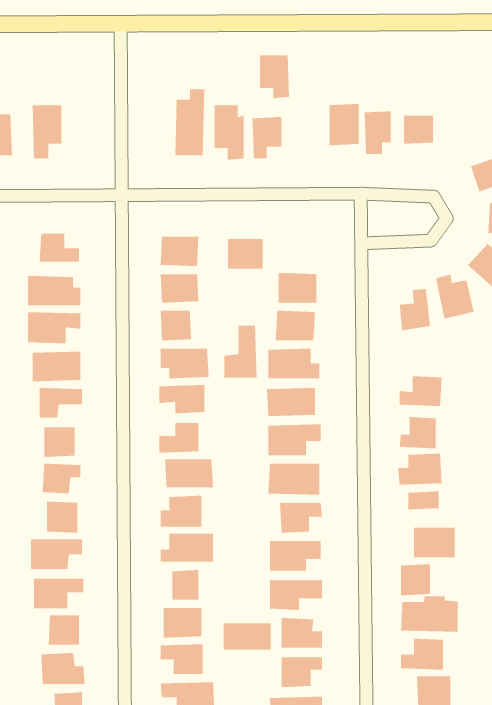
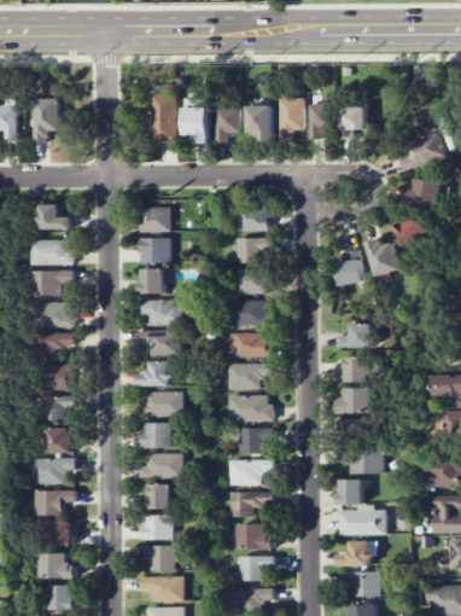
building: [259,55,290,99] -> [247,105,273,141]
building: [227,239,264,269] -> [238,205,268,231]
building: [224,325,257,379] -> none
building: [223,623,271,650] -> none

